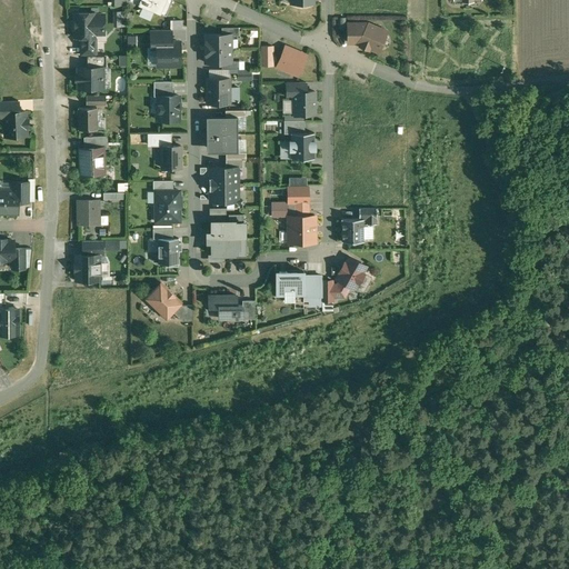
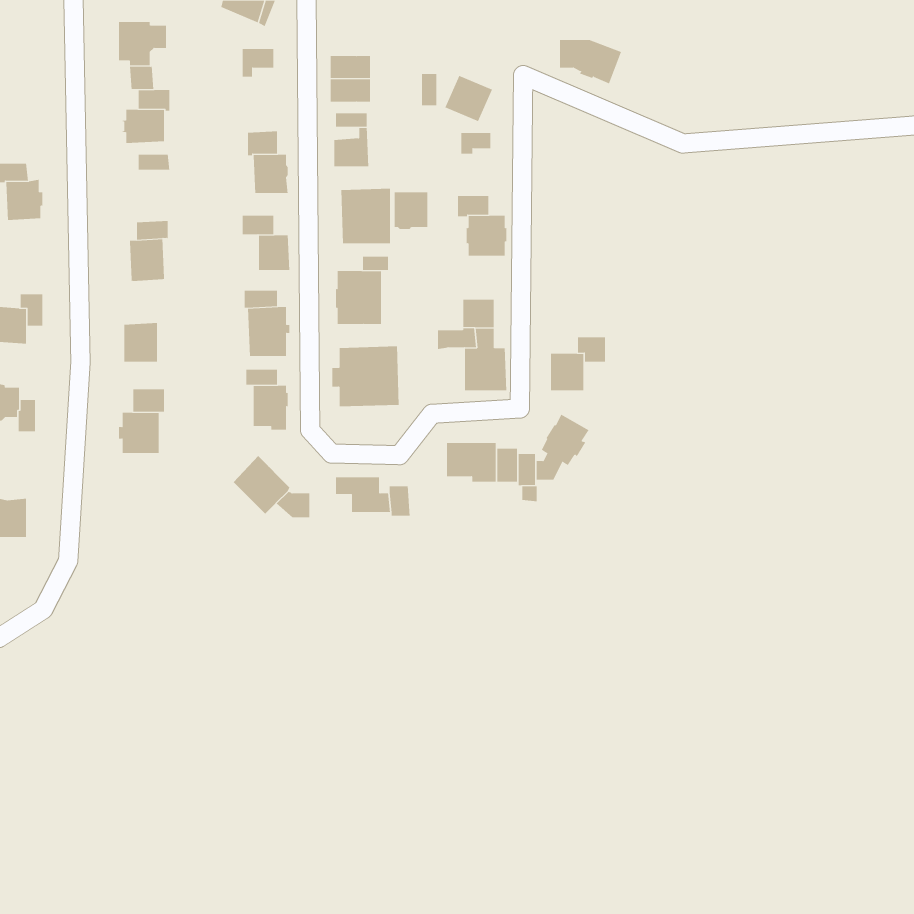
building: [157,43,179,67] -> none
building: [293,93,315,117] -> [394,192,428,229]
building: [77,109,97,131] -> none

